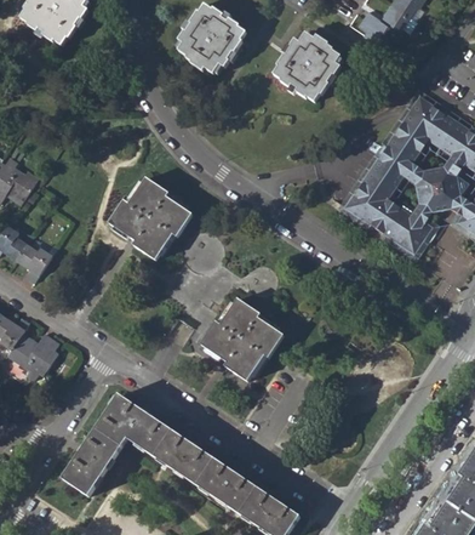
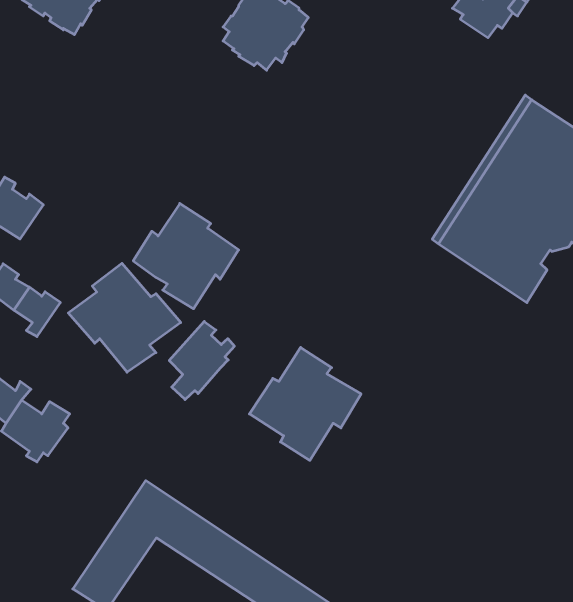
building: [274,33,342,103] -> none
building: none -> [68,263,181,372]
building: none -> [169,321,234,400]

